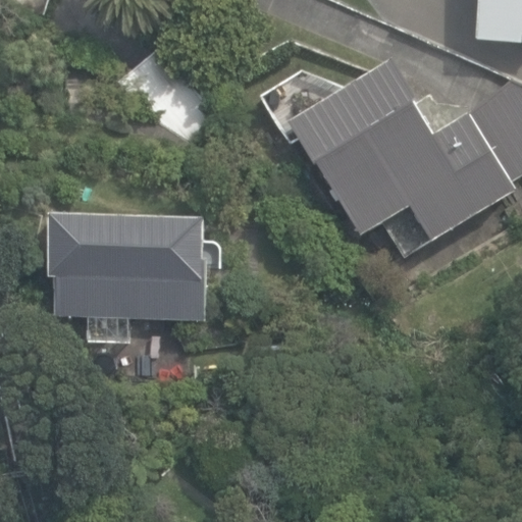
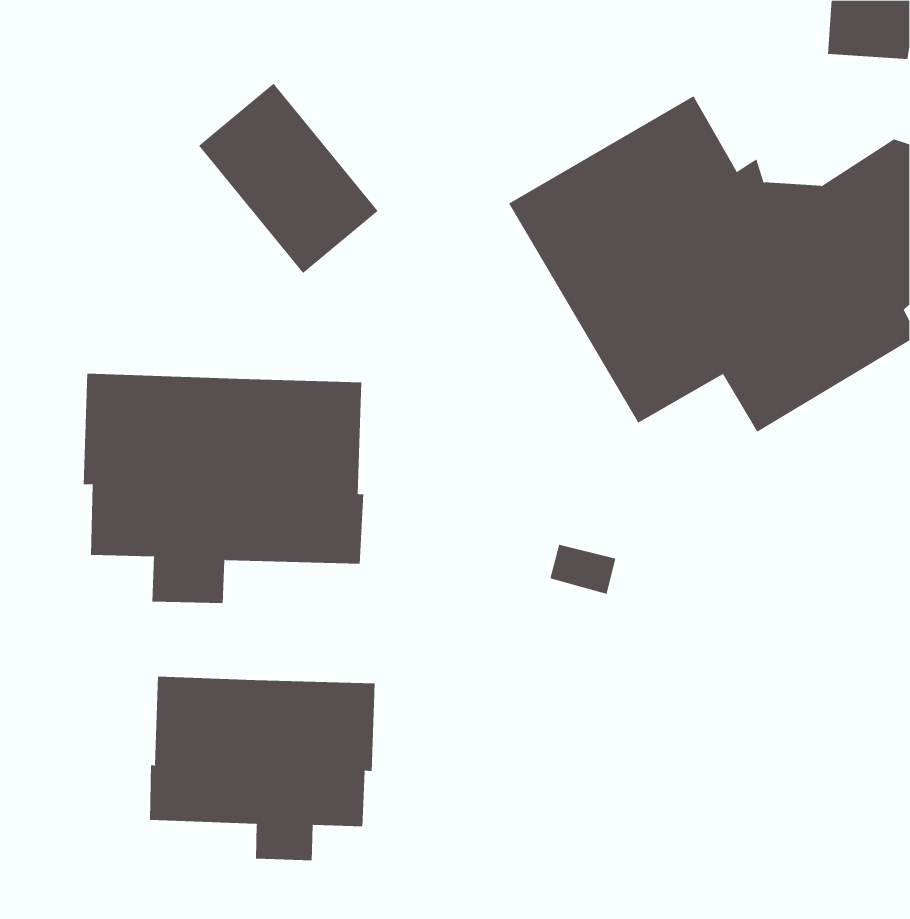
building: none -> [150,676,375,861]

